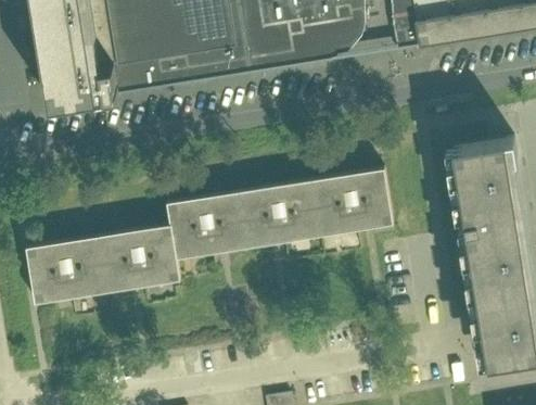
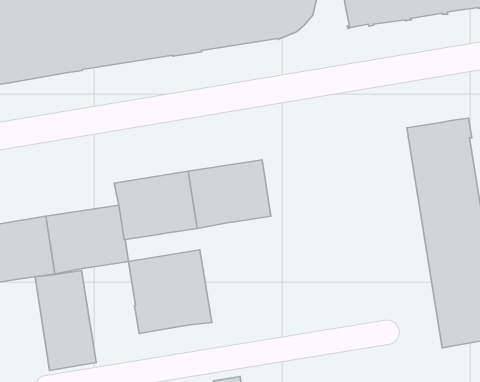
building: [310,169,392,237] -> none
building: none -> [129,250,212,333]
building: none -> [35,270,96,370]

